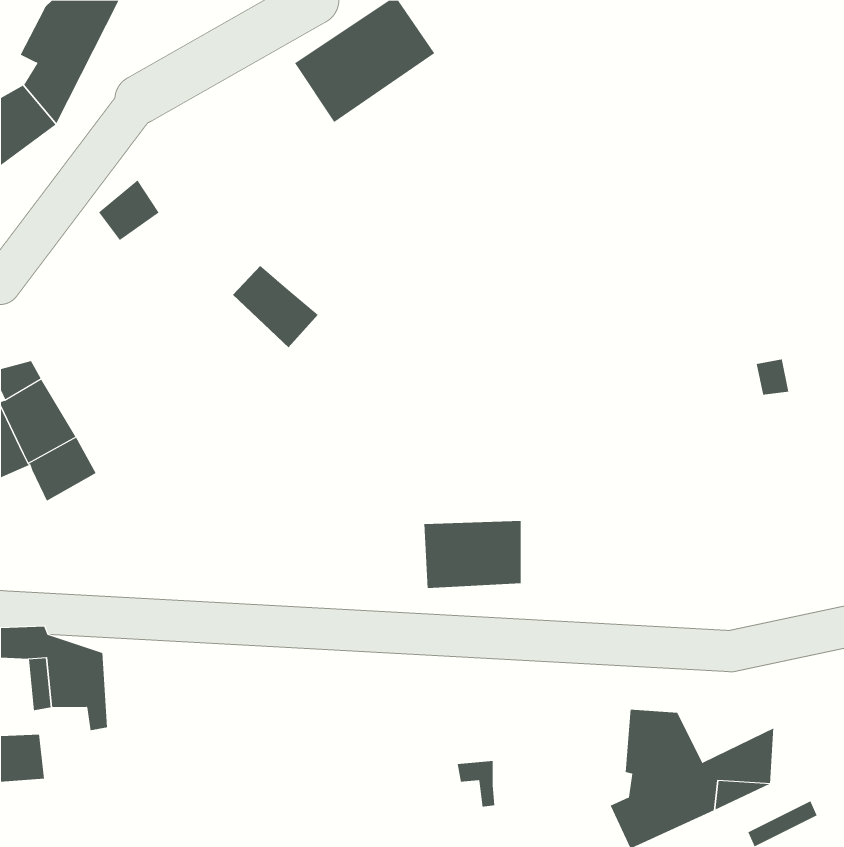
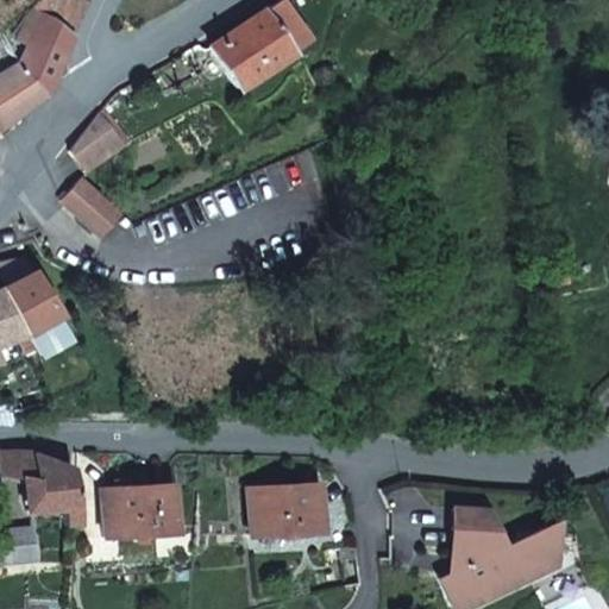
building: [232,265,318,348] -> [63,180,125,239]
building: [423,521,521,589] -> [252,485,322,534]
building: none -> [103,485,177,534]

